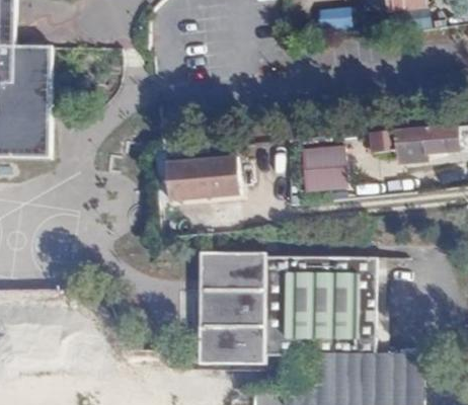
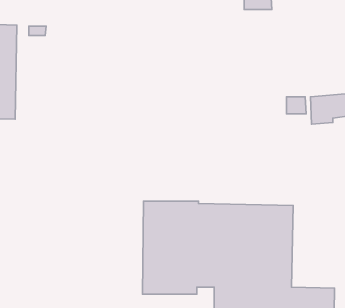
building: [301,146,346,190] -> none
building: [168,158,240,200] -> none

